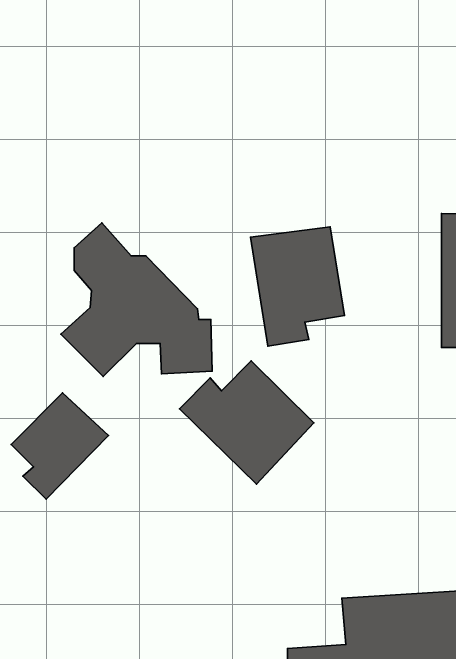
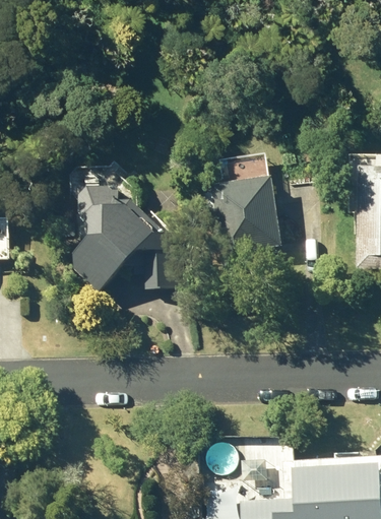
building: [180,361,314,484] -> none
building: [11,393,108,499] -> none

